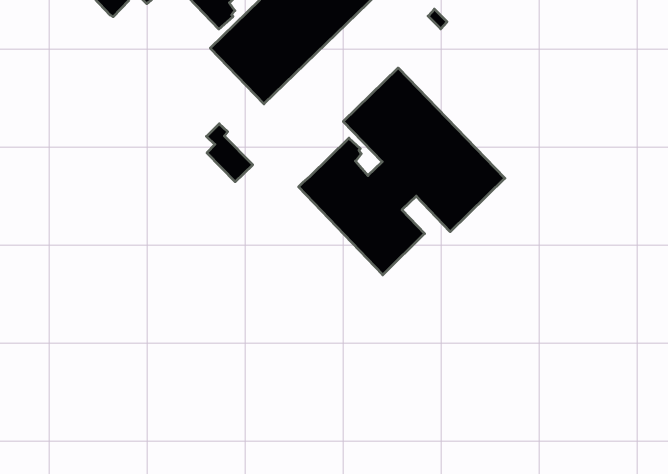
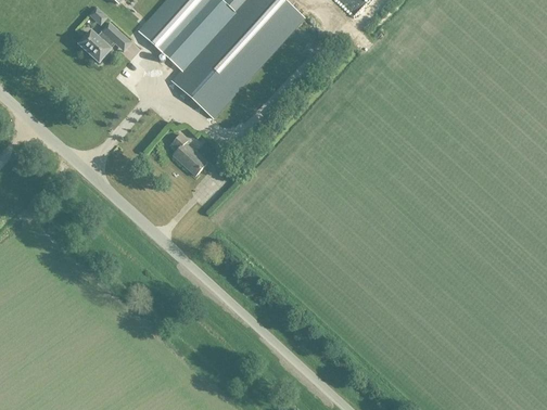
building: [299,68,505,275] -> none

